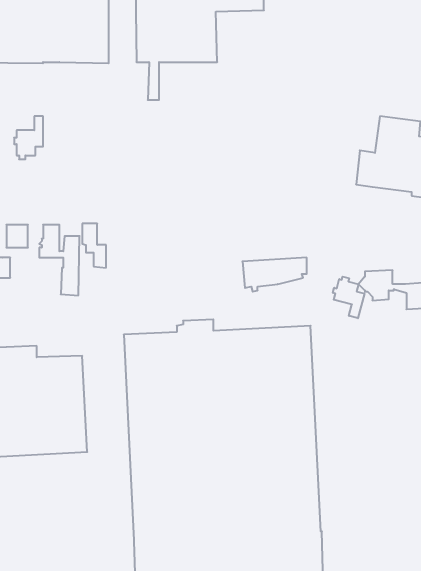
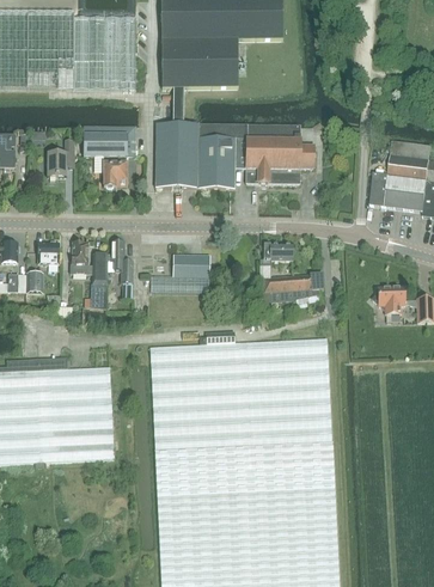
building: none -> [155,122,313,188]
building: none -> [84,124,135,188]
building: none -> [259,243,293,263]
building: none -> [151,253,209,292]
building: [333,277,364,318] -> none

